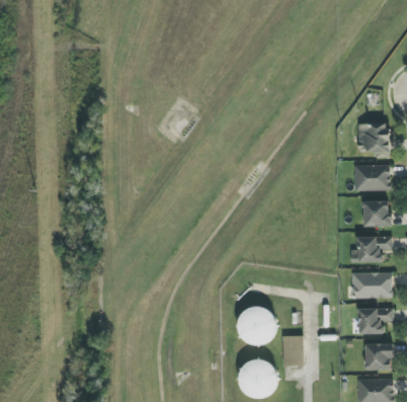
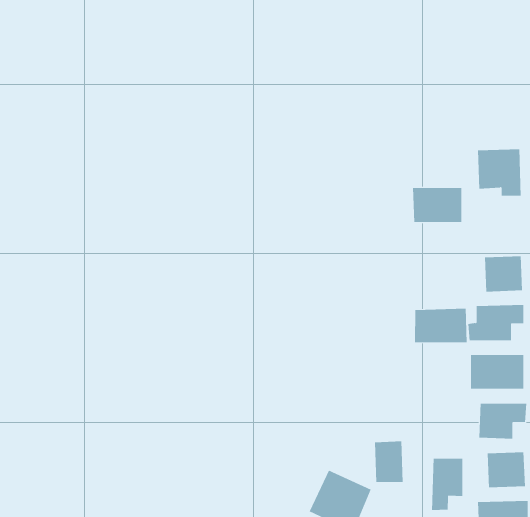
building: [354,165,391,190] -> [412,188,462,222]
building: none -> [414,308,467,343]
building: [239,308,275,342] -> none
building: none -> [431,458,463,511]

